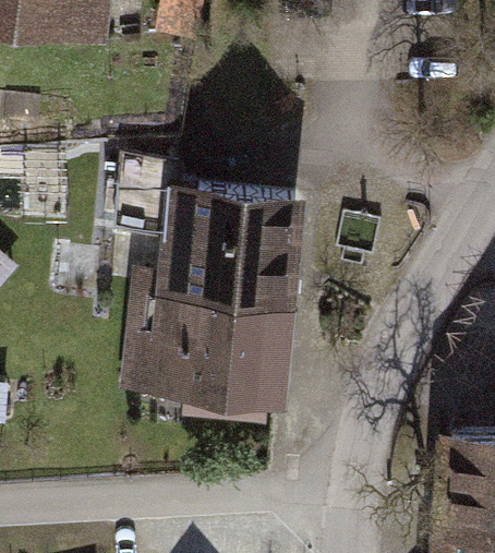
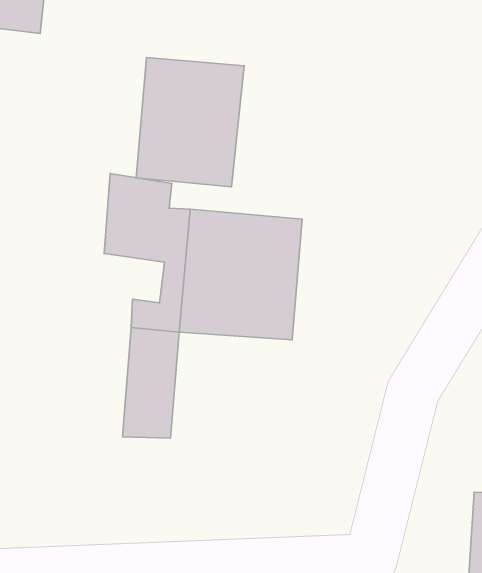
building: none -> [136,58,244,187]
building: [185,305,293,409] -> none

